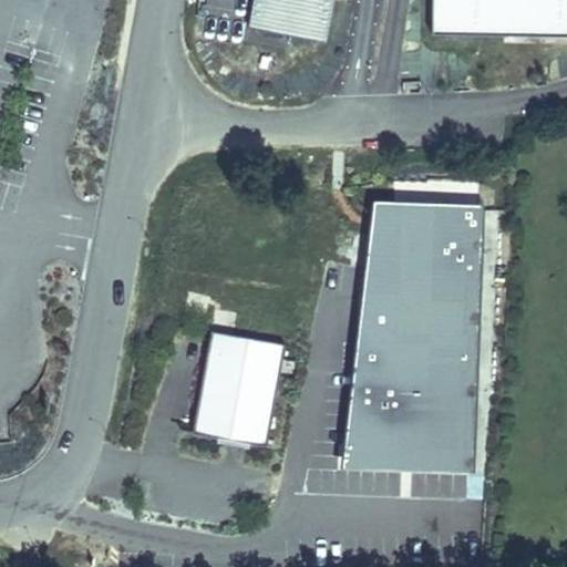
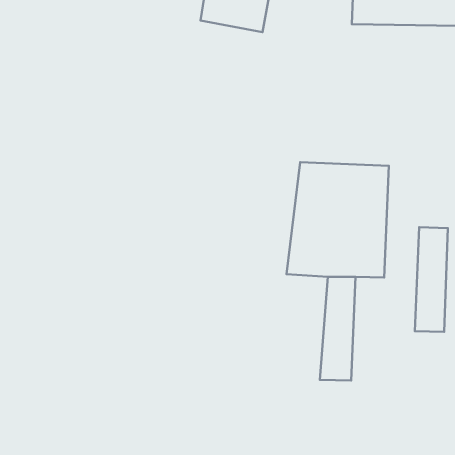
building: [203,336,282,449] -> none
building: [340,339,409,470] -> none
building: [437,342,478,472] -> [415,227,448,332]

